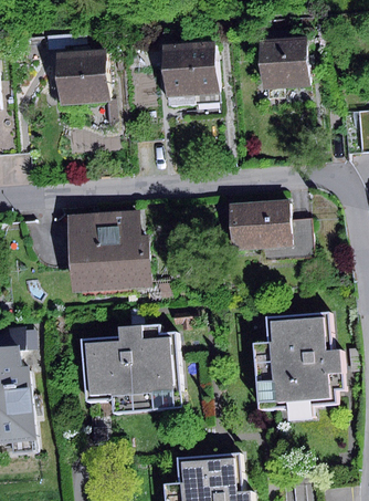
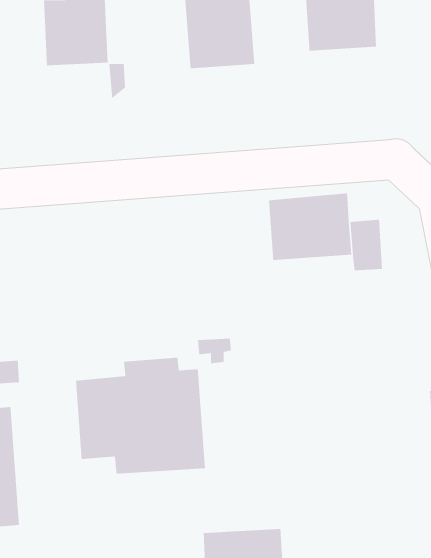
building: [70,210,151,291] -> none
building: [253,312,345,417] -> none

